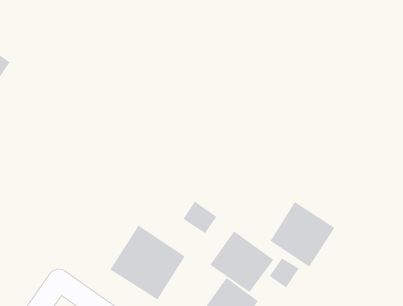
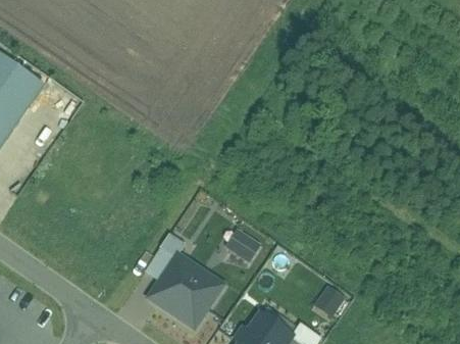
building: [270,201,335,267] -> none
building: [210,231,274,293] -> none

